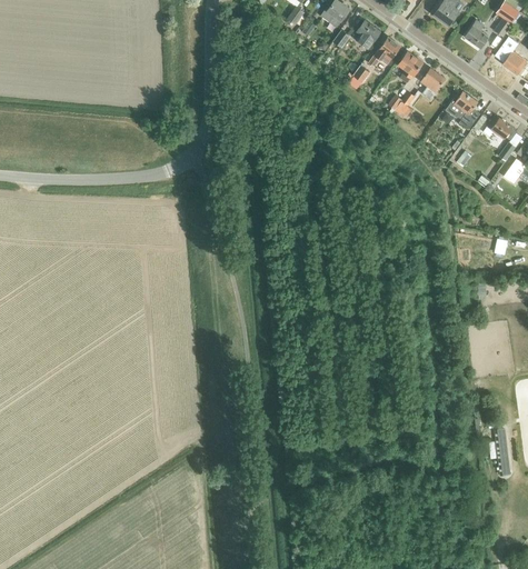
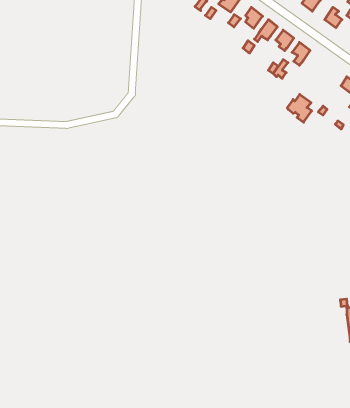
building: [446,91,479,129] -> [287,94,312,122]

